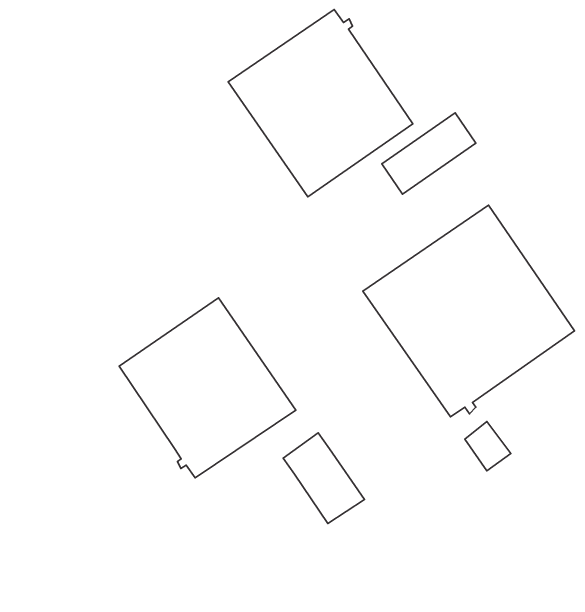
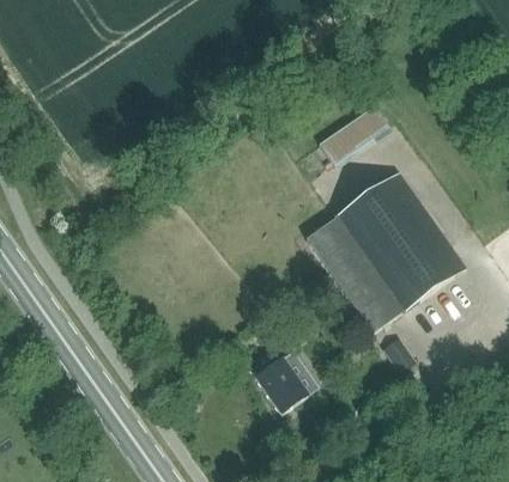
building: [228,9,413,197] -> none
building: [119,298,296,478] -> none

